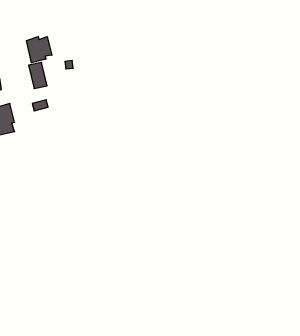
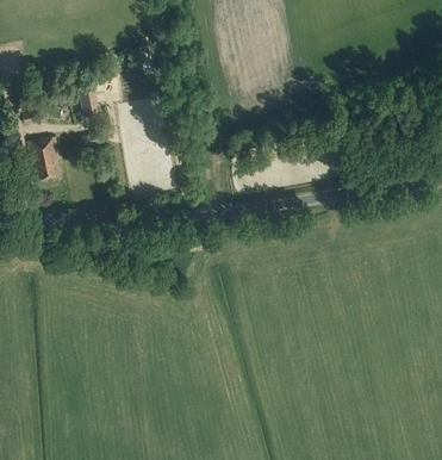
building: [27,36,52,63] -> none

